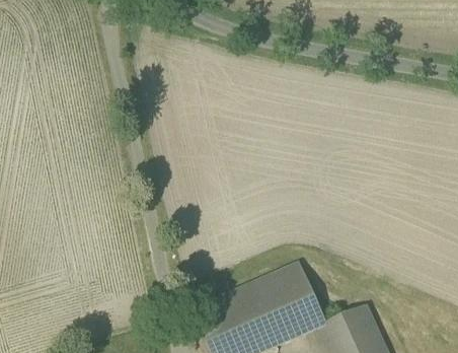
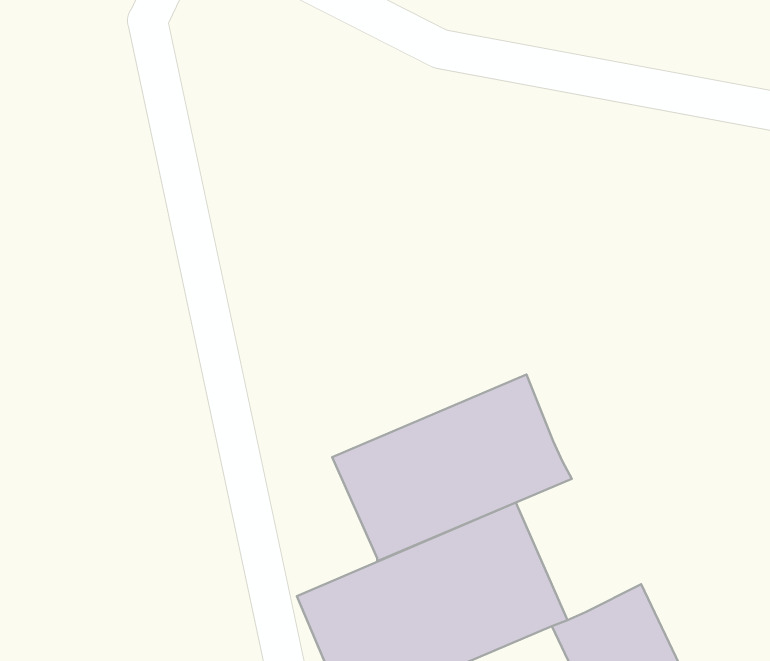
building: none -> [332,375,572,561]

